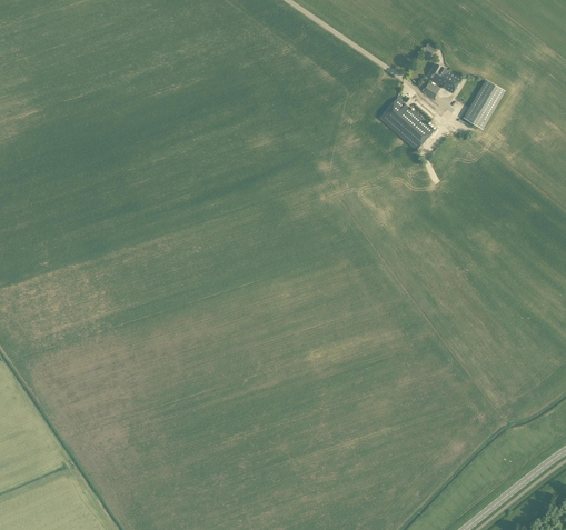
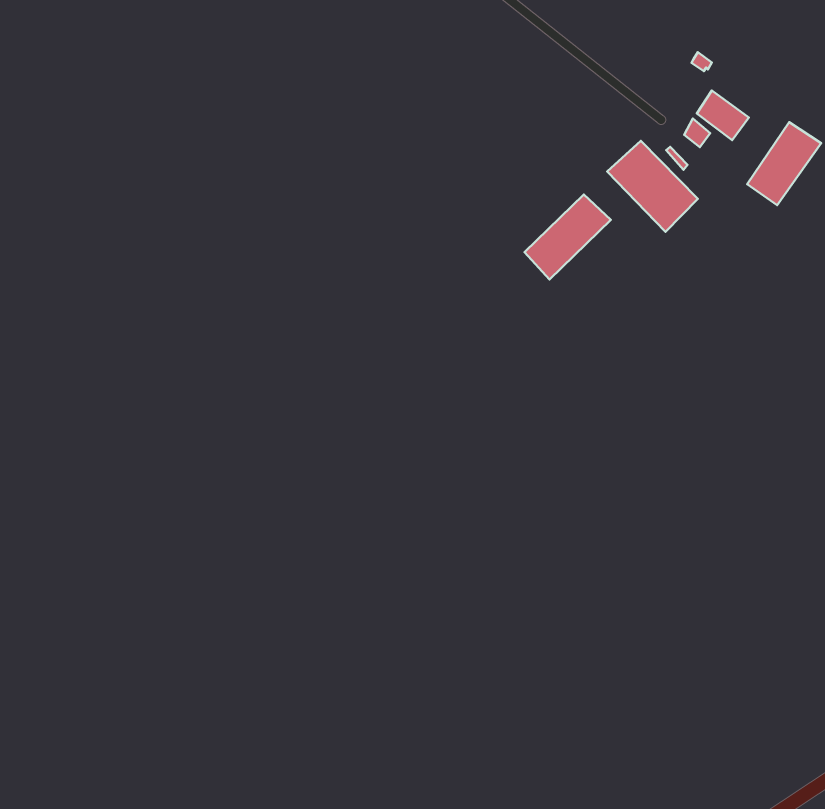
building: none -> [524,194,611,280]

